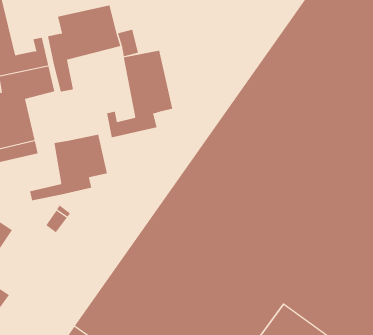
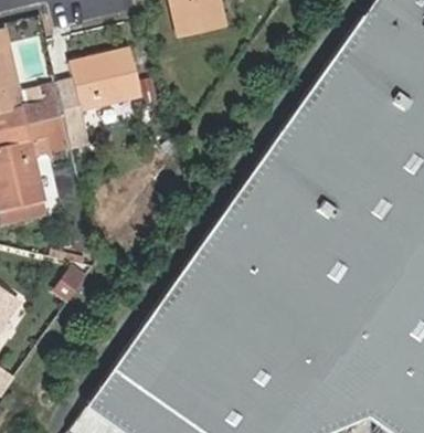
building: [106,50,173,138] -> none
building: [30,134,107,201] -> none

